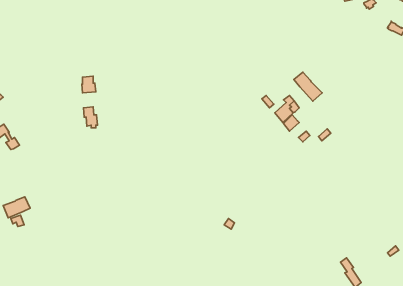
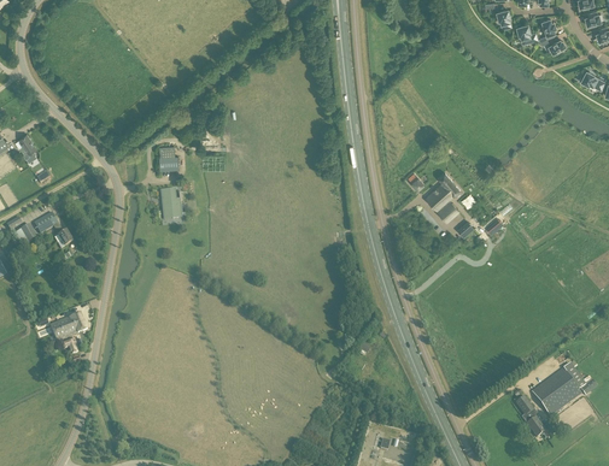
building: [294,72,322,101] -> none
building: none -> [531,368,580,418]

